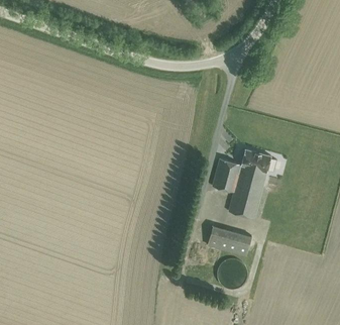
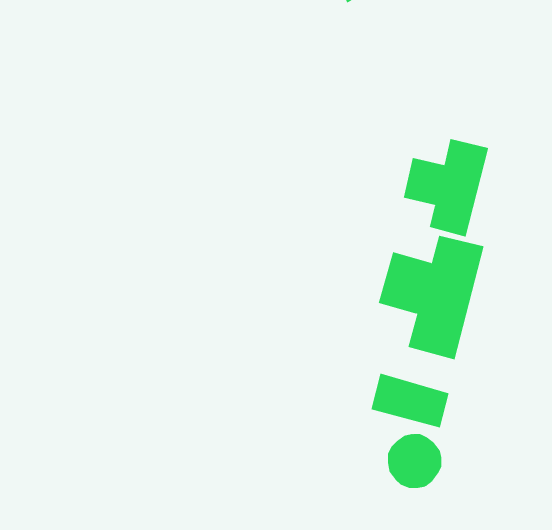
building: none -> [403,138,489,238]

